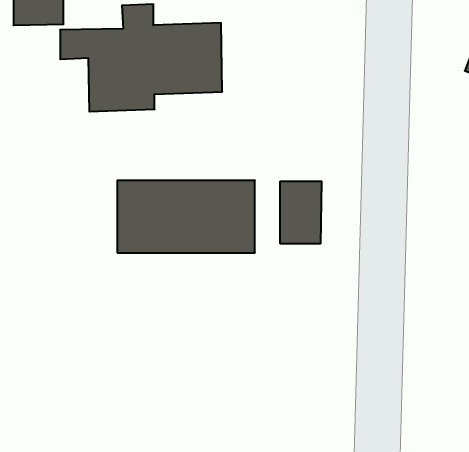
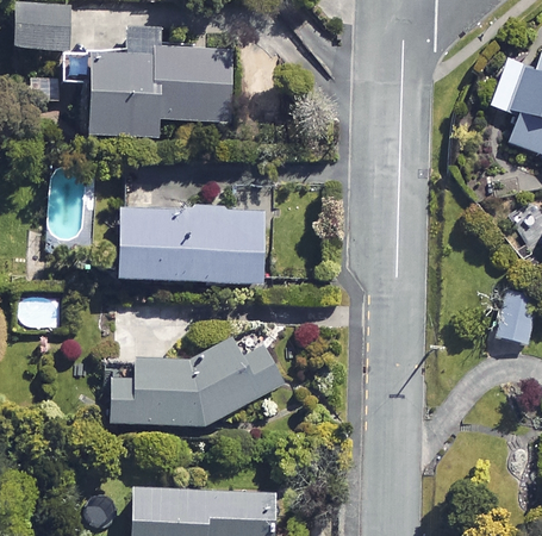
building: [280,181,322,244] -> none
building: none -> [114,320,286,426]

